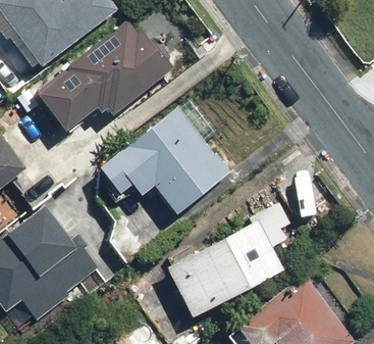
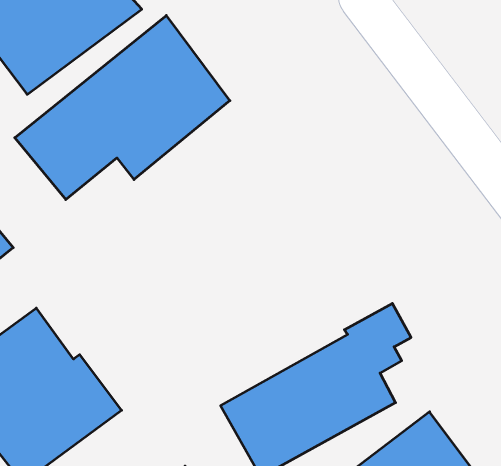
building: [97,97,230,213] -> none

